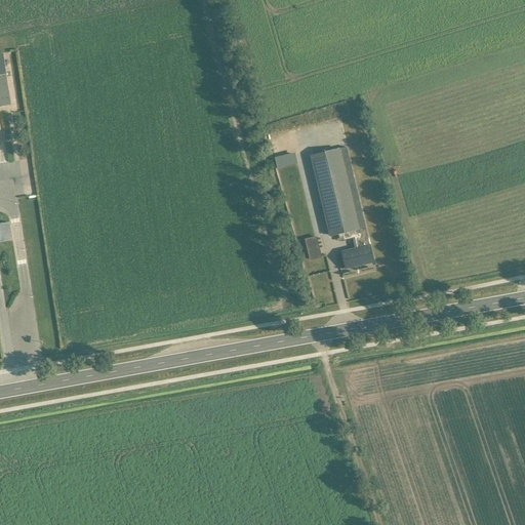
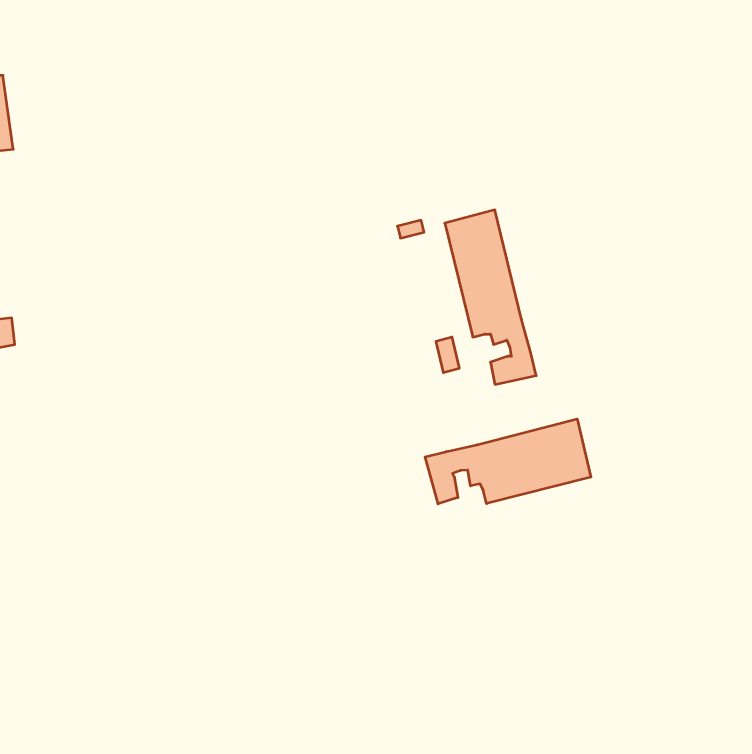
building: none -> [425,419,591,504]

